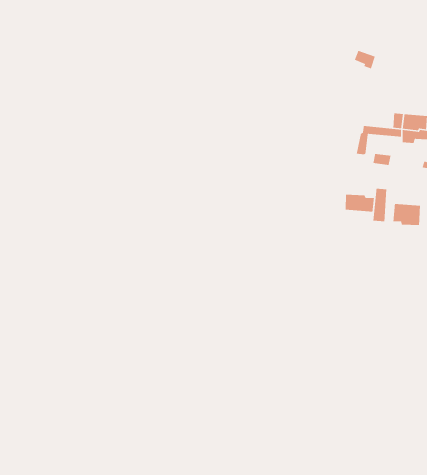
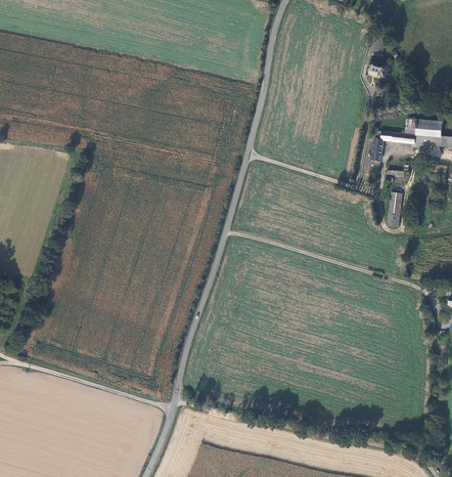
building: [345,194,375,213] -> none
building: [392,203,421,226] -> none

